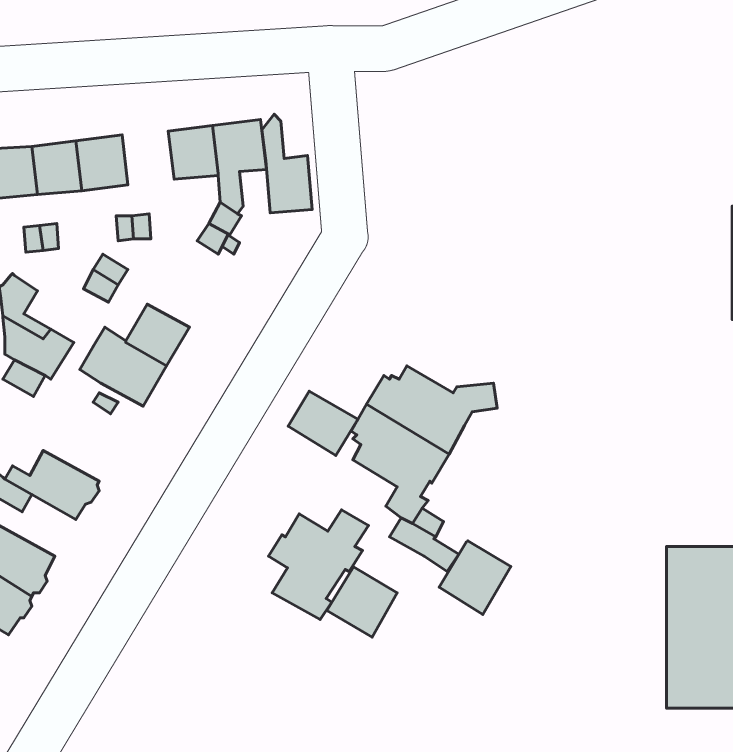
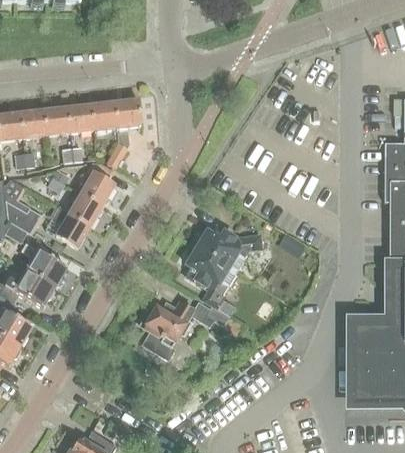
building: [262,114,312,213] -> none
building: none -> [66,104,93,132]
building: none -> [79,161,113,206]
building: [288,391,358,456] -> none
building: none -> [24,245,66,286]
building: [439,541,511,615] -> none
building: [327,567,397,637] -> none

